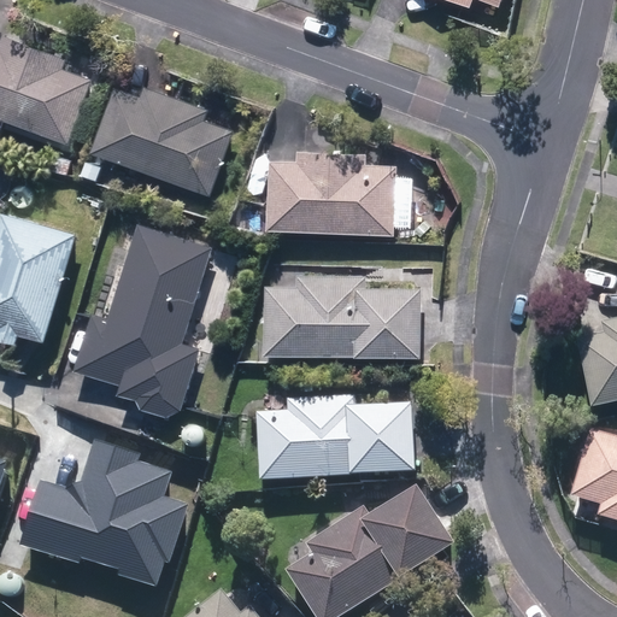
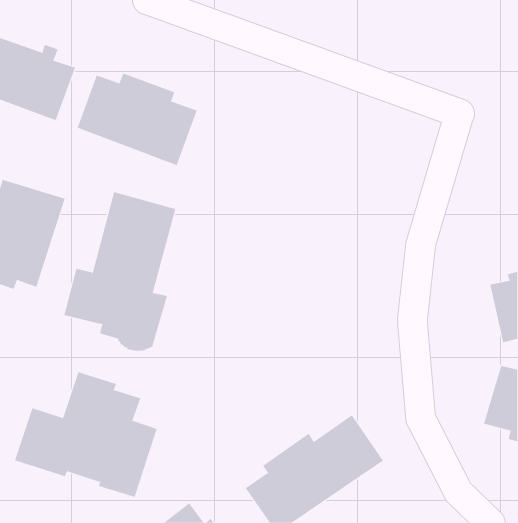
building: [266,149,409,235] -> none
building: [262,274,421,358] -> none
building: [258,399,412,482] -> none

